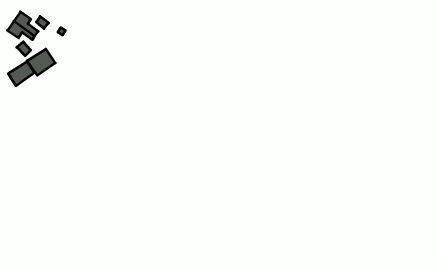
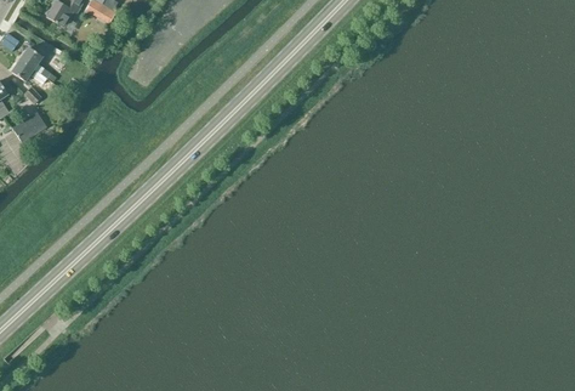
building: [27,49,55,75] -> none

